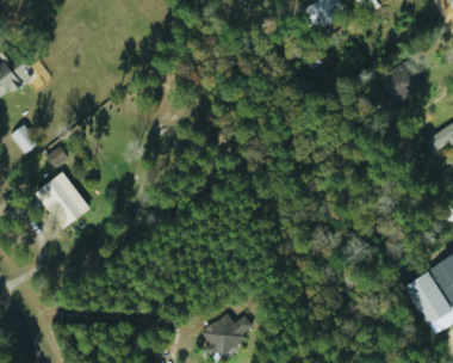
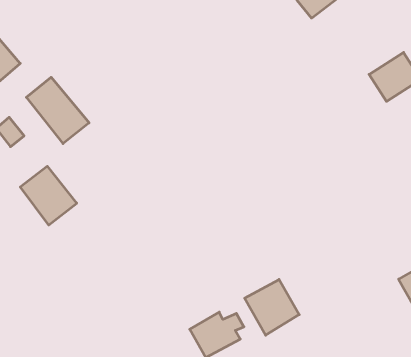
building: none -> [26,77,89,144]
building: none -> [245,279,299,335]

